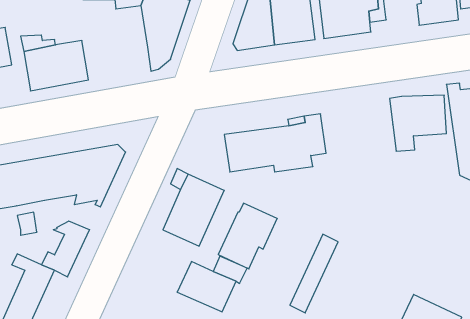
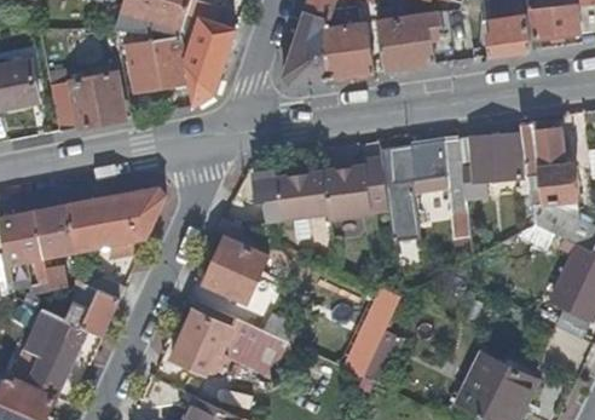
building: none -> [127,35,187,90]
building: none -> [377,138,467,240]
building: [218,203,277,269] -> [171,301,236,374]

